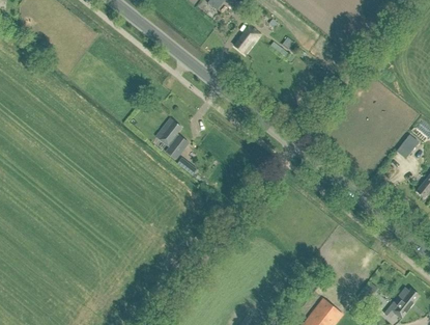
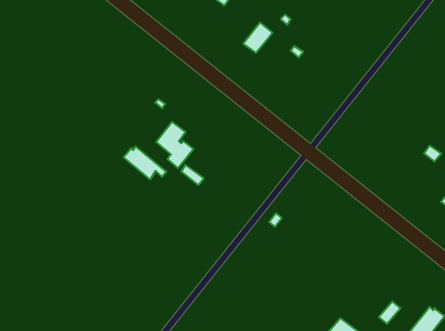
building: none -> [124,146,166,179]

